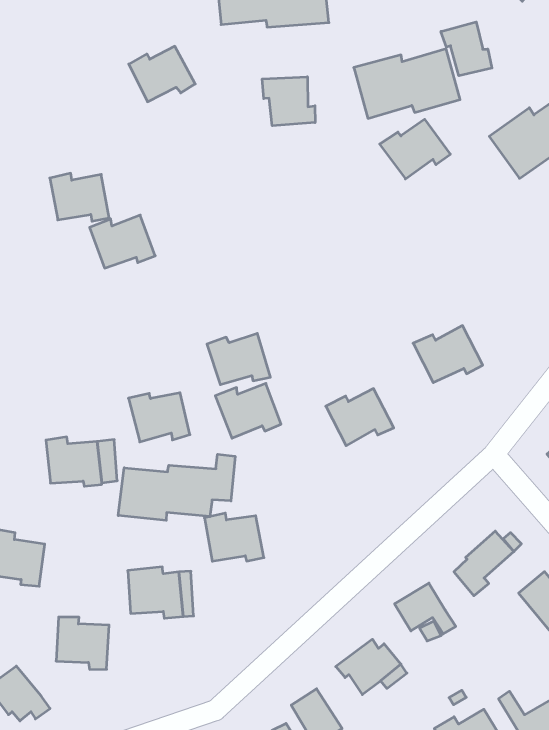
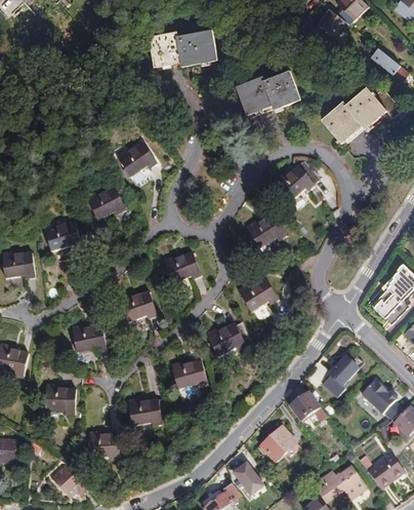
building: [441,22,492,76] -> none
building: [129,46,195,102] -> [116,142,157,176]
building: [262,77,315,126] -> none
building: [380,119,450,179] -> [275,160,318,197]
building: [50,173,109,221] -> [43,221,81,250]
building: [413,326,483,383] -> [244,212,287,248]
building: [215,383,281,438] -> [205,323,246,358]
building: [118,454,235,520] -> none

